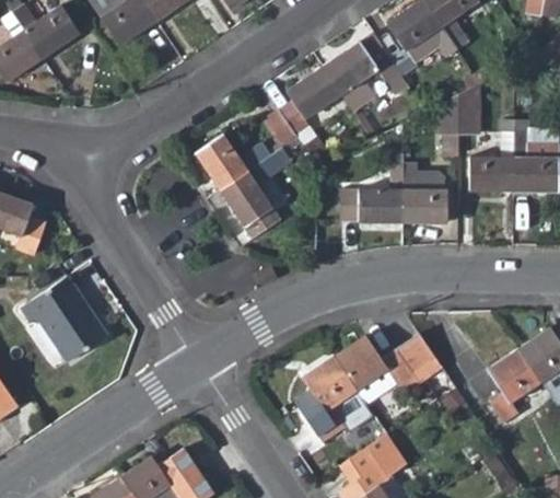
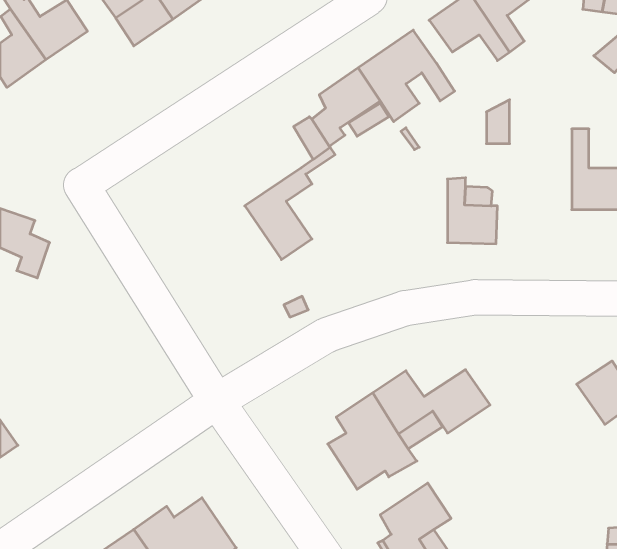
building: [458,81,482,132] -> none
building: [470,119,514,192] -> none
building: [196,134,271,188] -> none
building: [340,164,402,221] -> none
building: [21,275,107,362] -> none
building: [487,348,544,425] -> none

